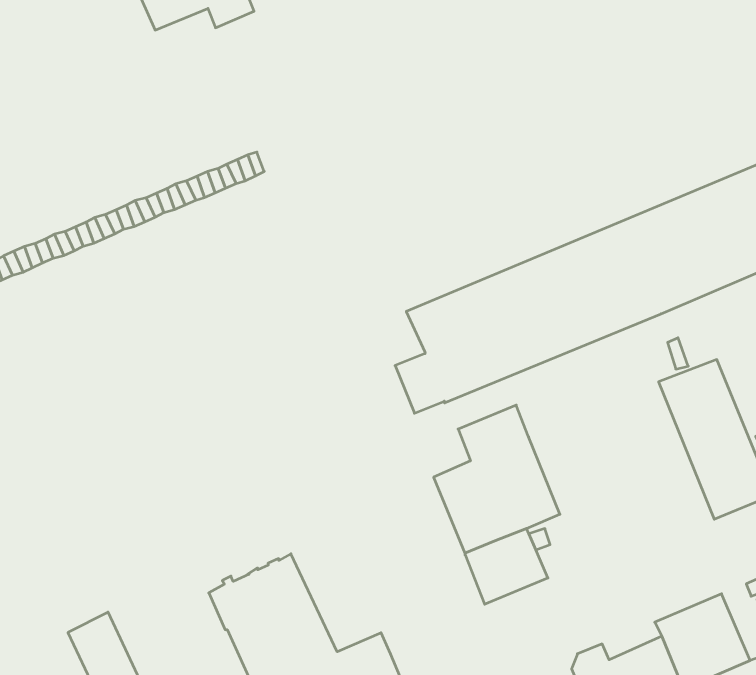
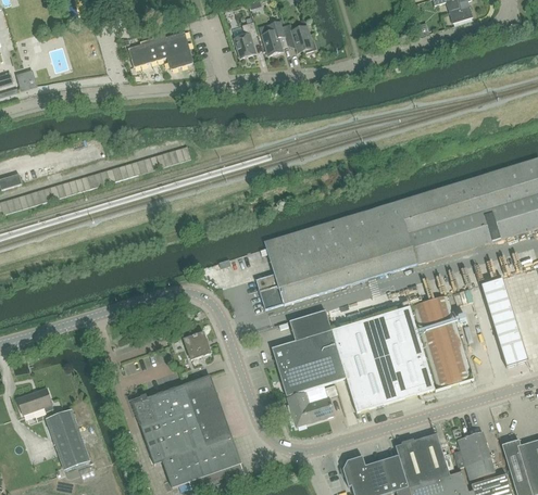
building: none -> [330,306,434,411]
building: none -> [185,331,211,359]
building: none -> [183,376,232,445]
building: none -> [17,388,53,412]

